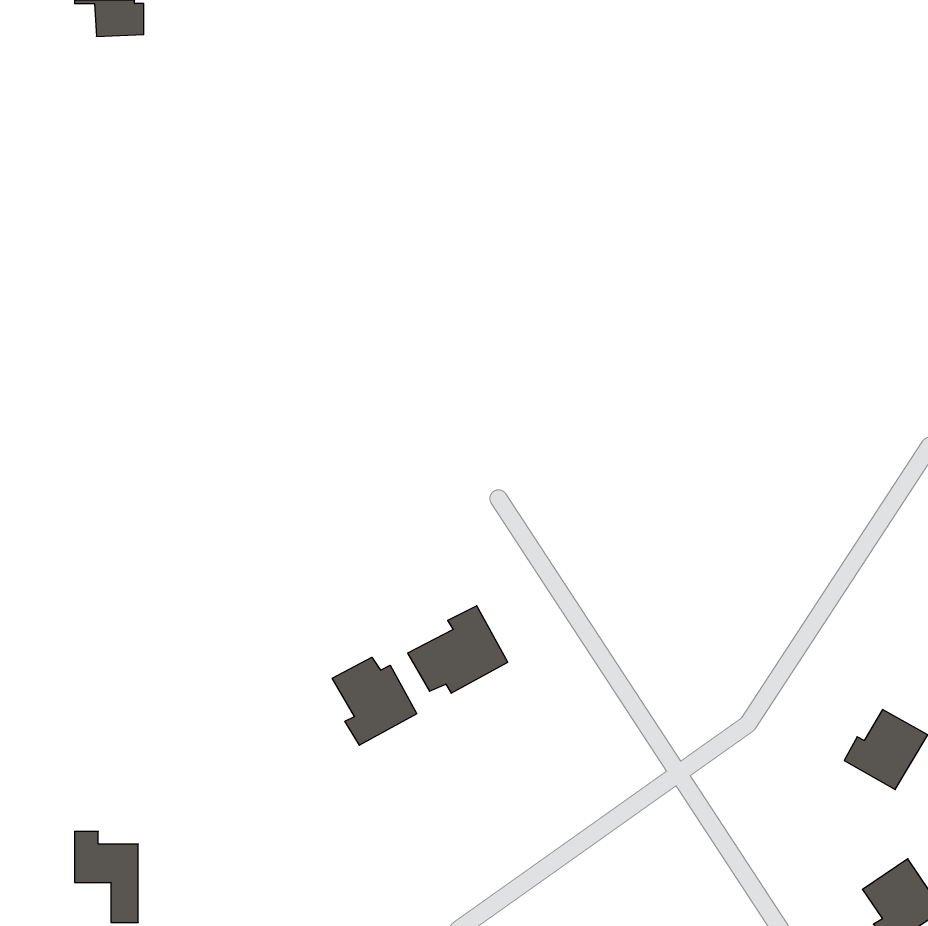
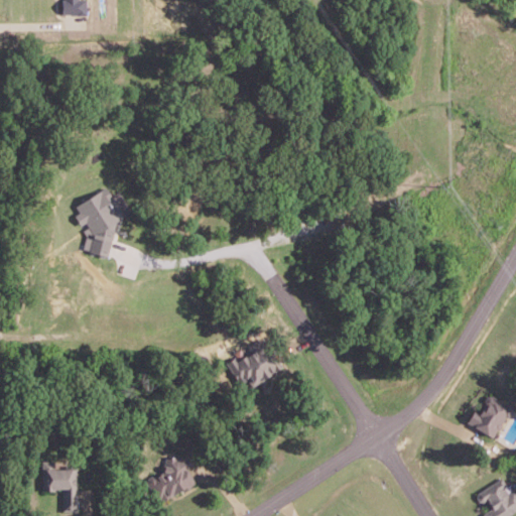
building: none -> [76,187,123,256]
building: [332,657,417,745] -> none
building: none -> [149,457,196,502]

